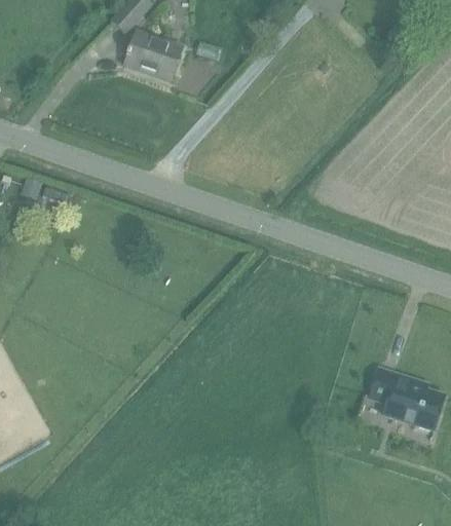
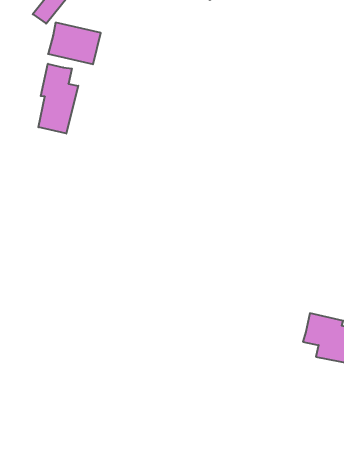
building: none -> [38,64,78,134]

